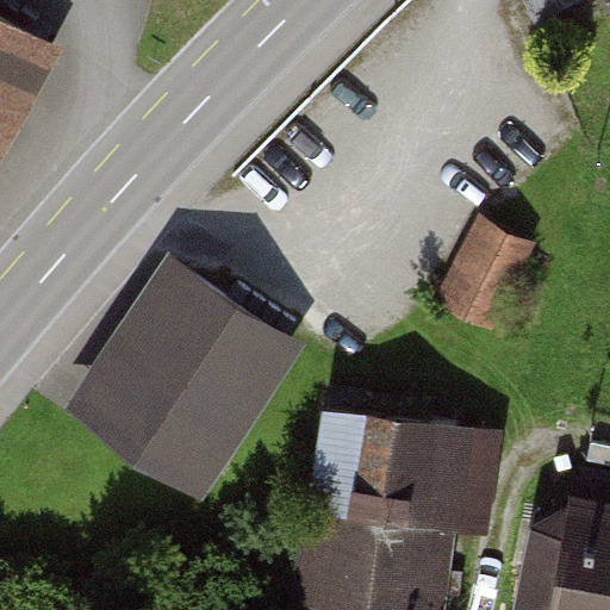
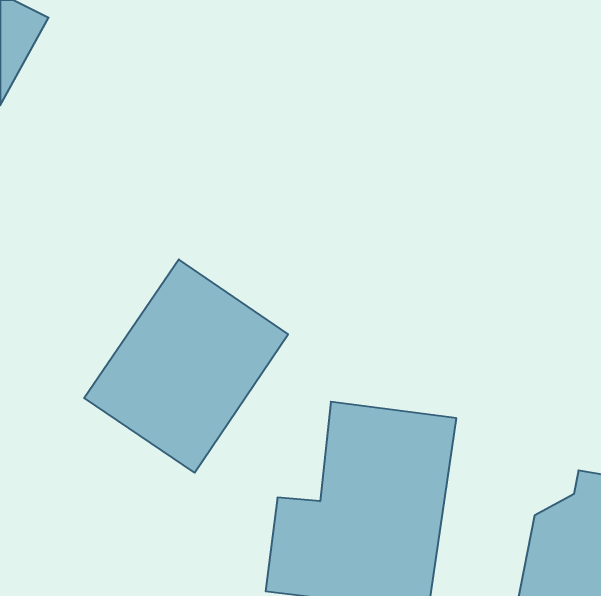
building: [450,229,534,331] -> none

